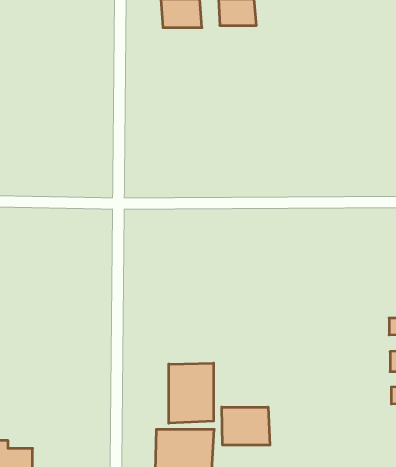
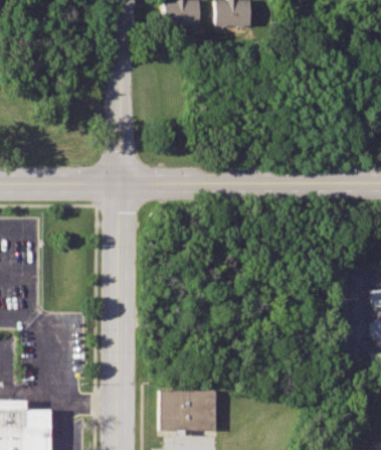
building: [169,363,214,423] -> none
building: [222,407,270,445] -> none

